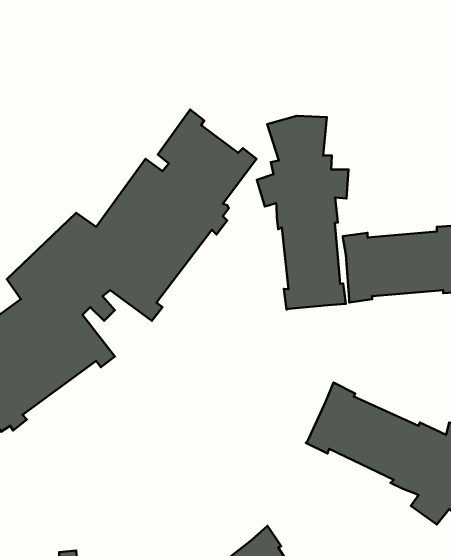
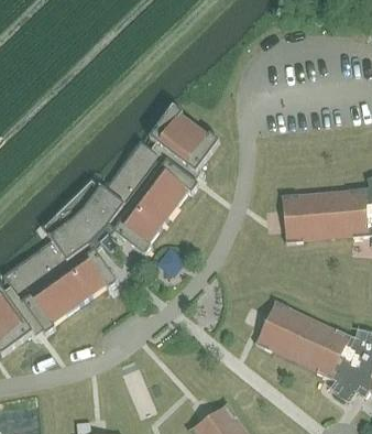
building: [257,116,349,310] -> none

